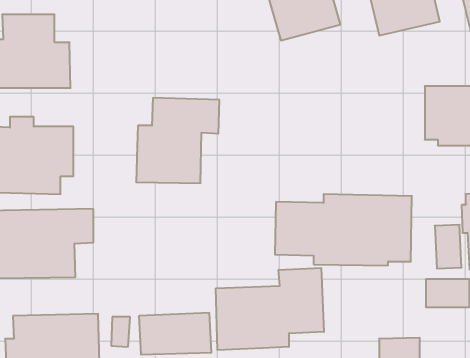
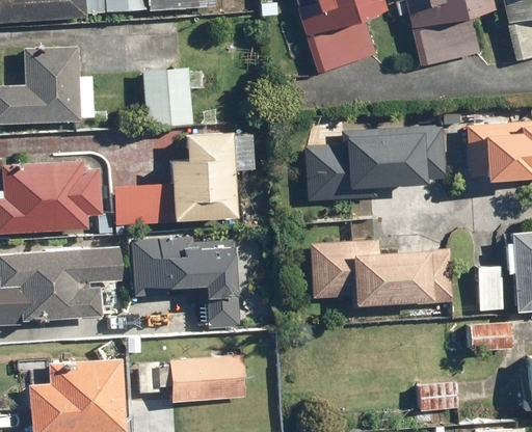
building: none -> [144,70,191,127]
building: none -> [307,130,449,203]
building: none -> [113,183,165,223]
building: none -> [134,237,239,325]
building: [216,268,324,350] -> none

